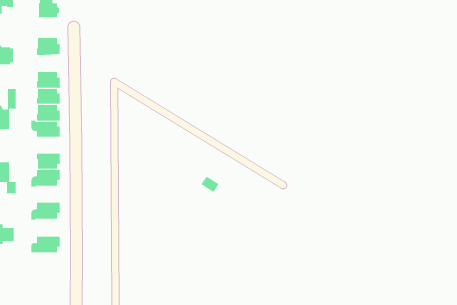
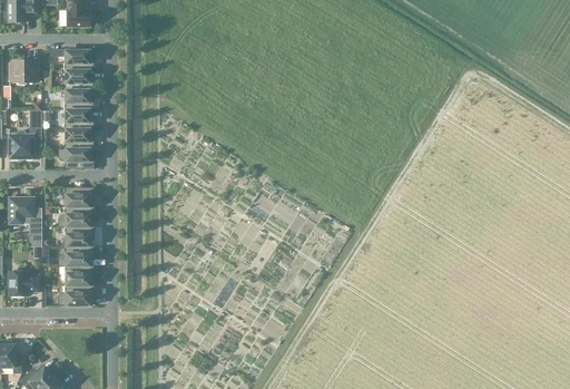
building: none -> [65,69,94,89]
building: none -> [65,225,94,244]
building: none -> [65,264,94,284]

